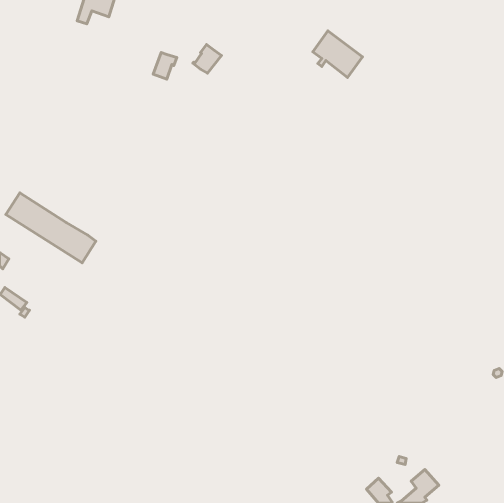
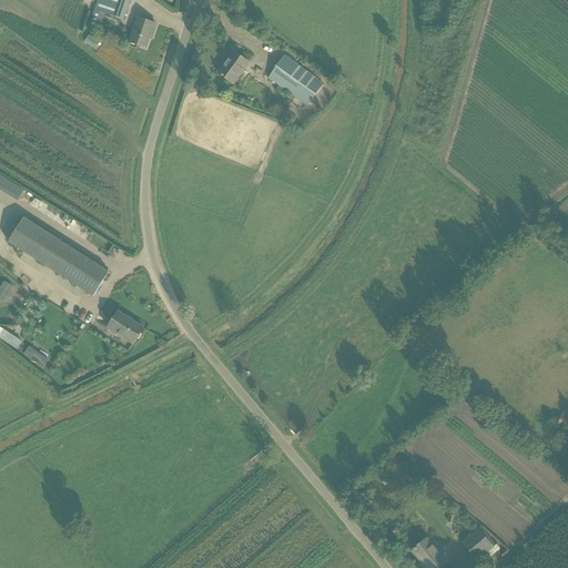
building: [313,31,362,77] -> [267,53,323,105]
building: [153,53,177,79] -> [129,17,155,47]
building: none -> [106,310,142,343]

